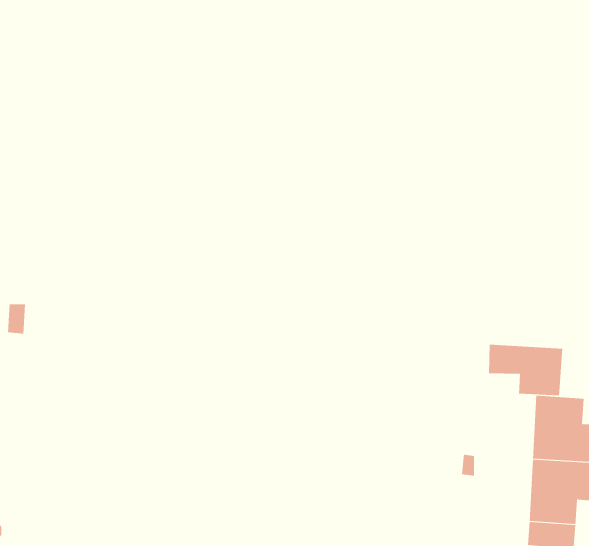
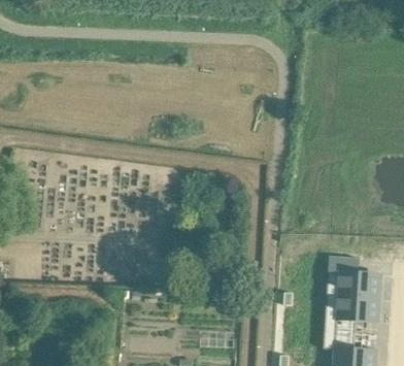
building: [488,344,563,396] -> none

